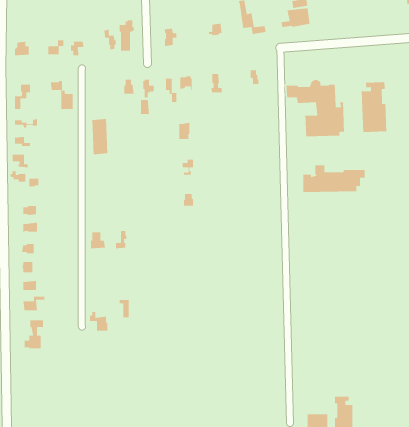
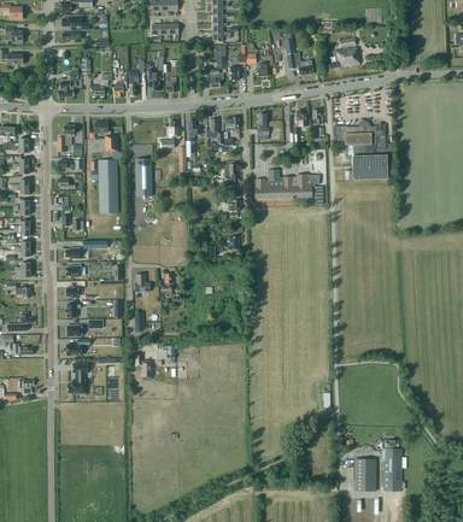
building: [361,81,387,133] -> none
building: none -> [90,159,117,212]
building: [302,164,366,193] -> [254,169,318,198]

